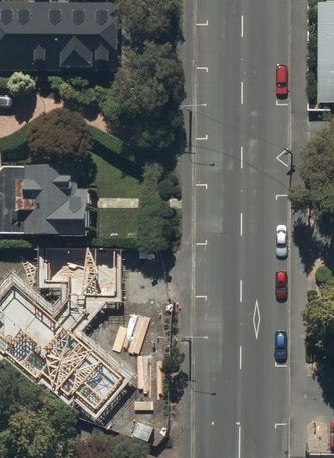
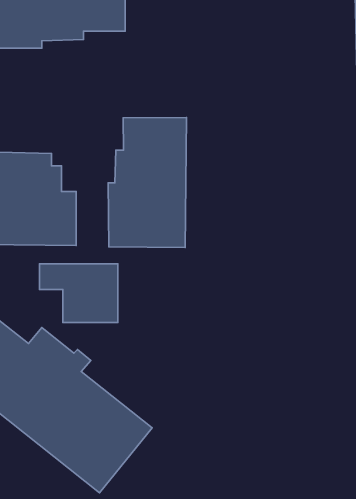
building: none -> [108,118,187,247]

